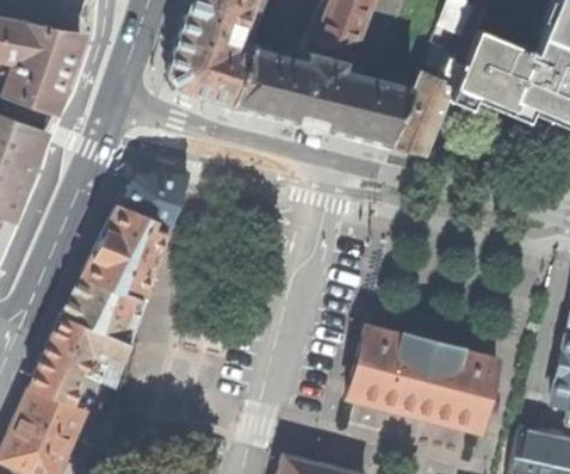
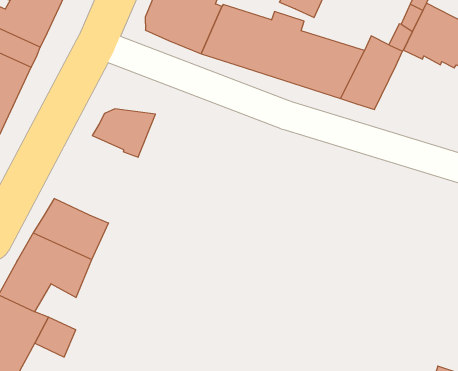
building: [82,204,168,293] -> none
building: [347,327,497,432] -> none

